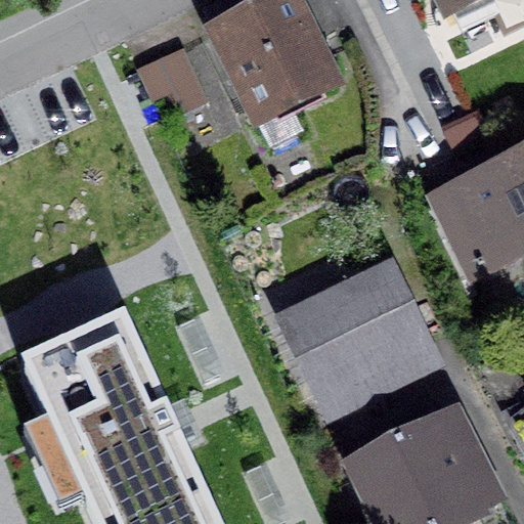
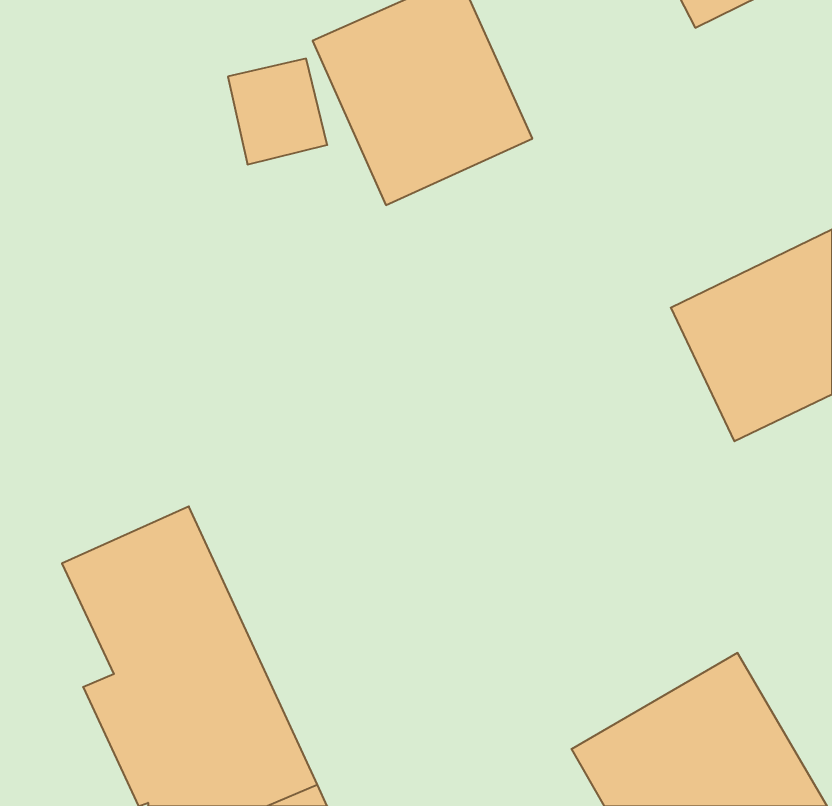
building: [271,262,438,421] -> none

